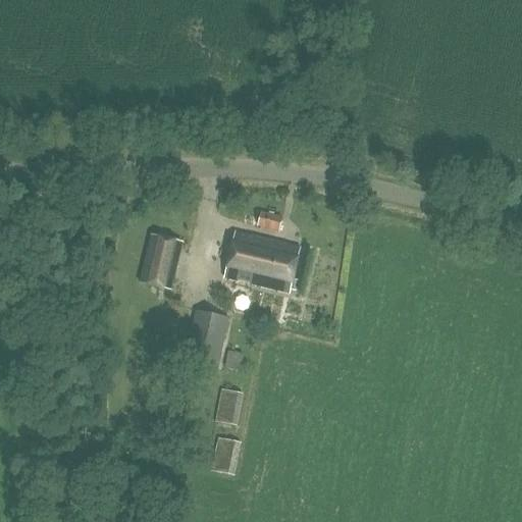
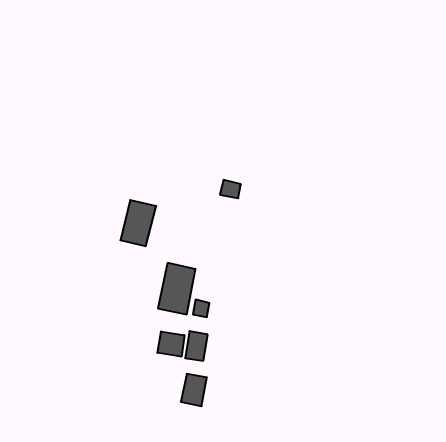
building: [224,229,301,291] -> none
building: none -> [157,331,184,357]

